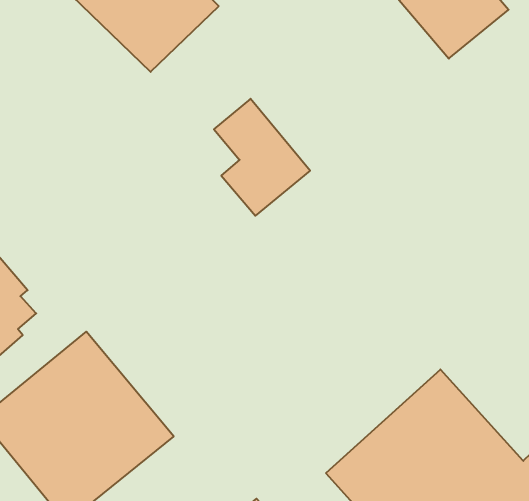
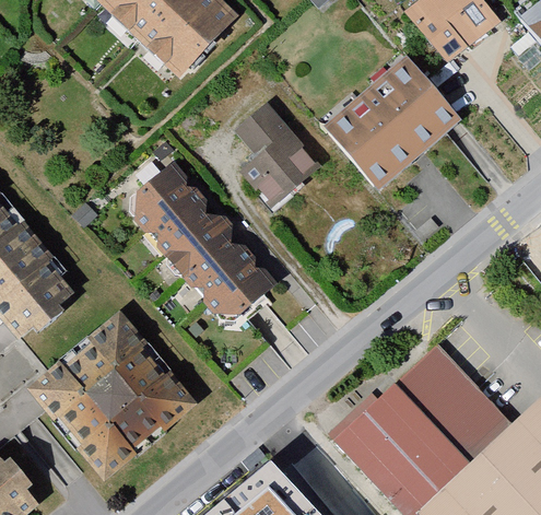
building: none -> [321,56,461,192]
building: none -> [119,161,278,327]

